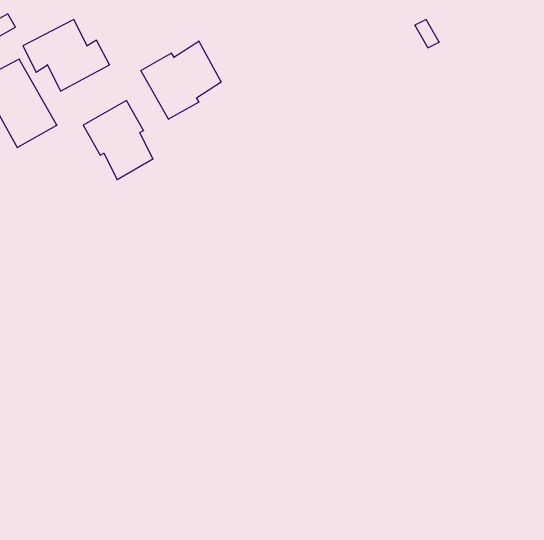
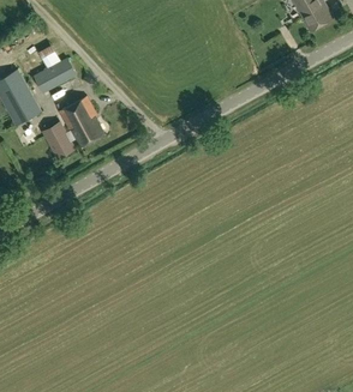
building: [141,41,221,119] -> none
building: none -> [44,122,74,158]

